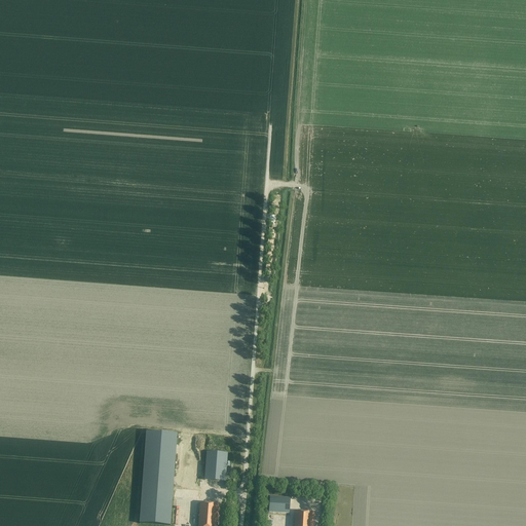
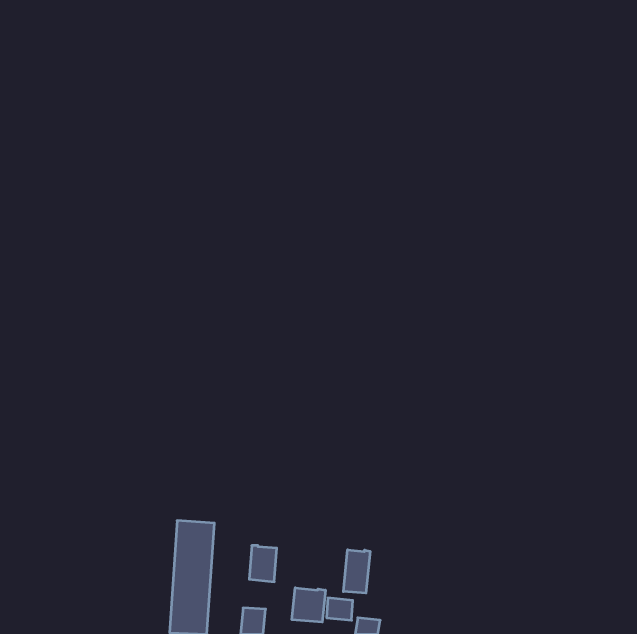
building: none -> [343,550,370,593]
building: none -> [292,588,325,622]

